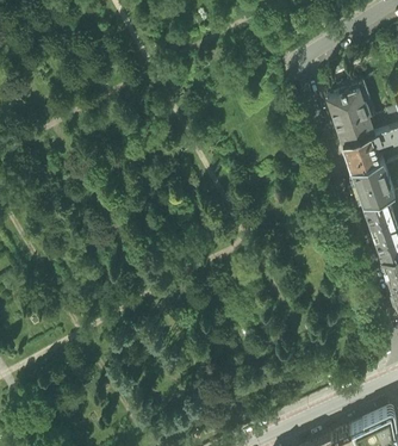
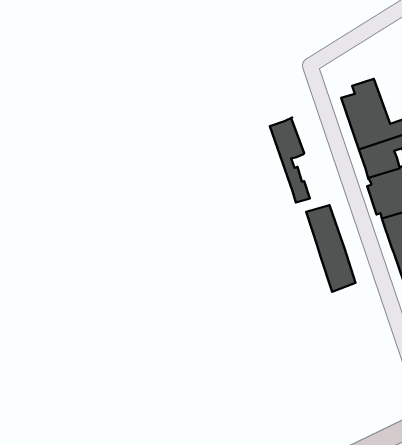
building: none -> [270,117,310,202]
building: none -> [306,205,356,292]

